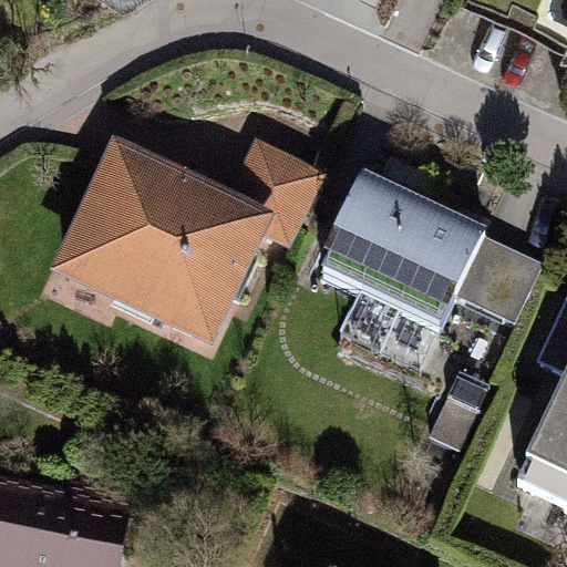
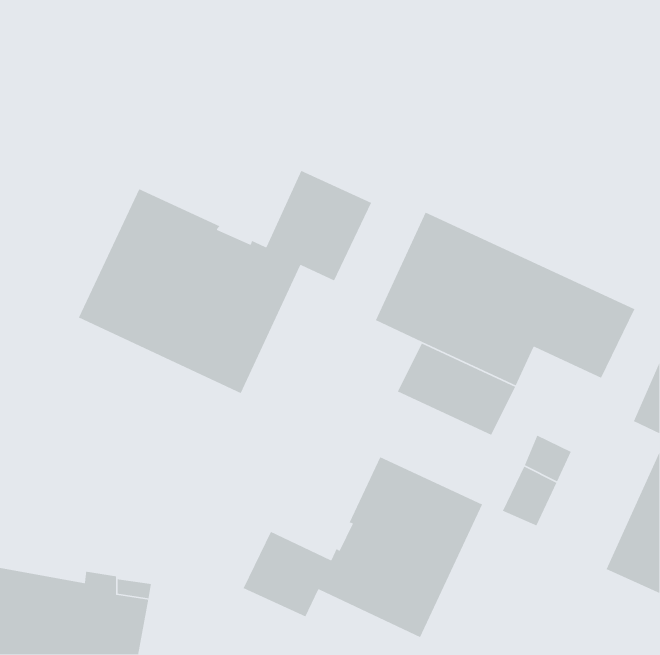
building: none -> [243,456,483,638]

